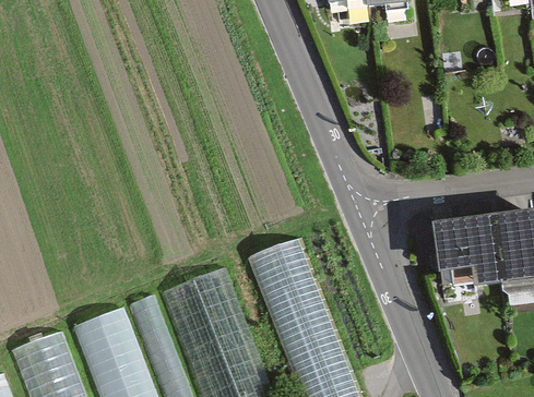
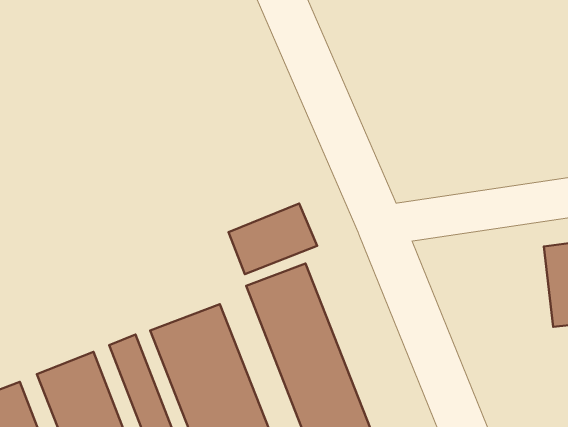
building: none -> [229,204,317,274]
building: [432,220,501,291] -> none

